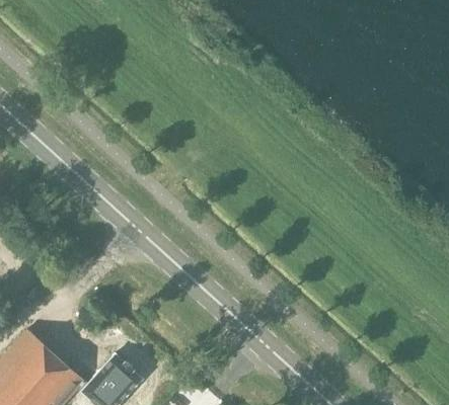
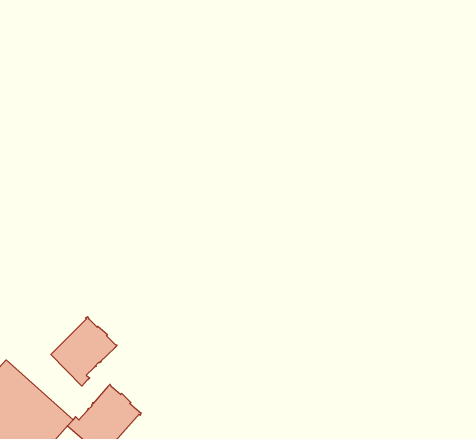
building: none -> [51,317,117,386]

